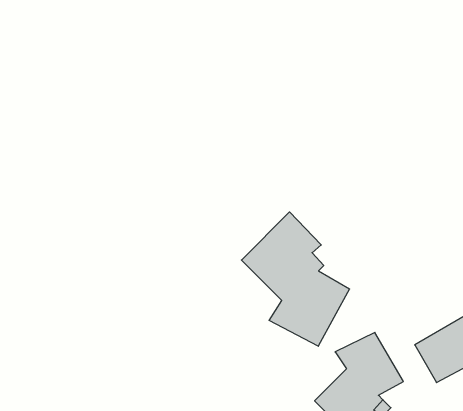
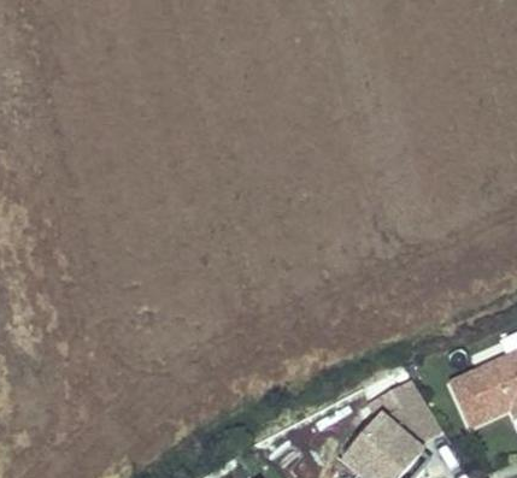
building: [241,212,350,346] -> none

